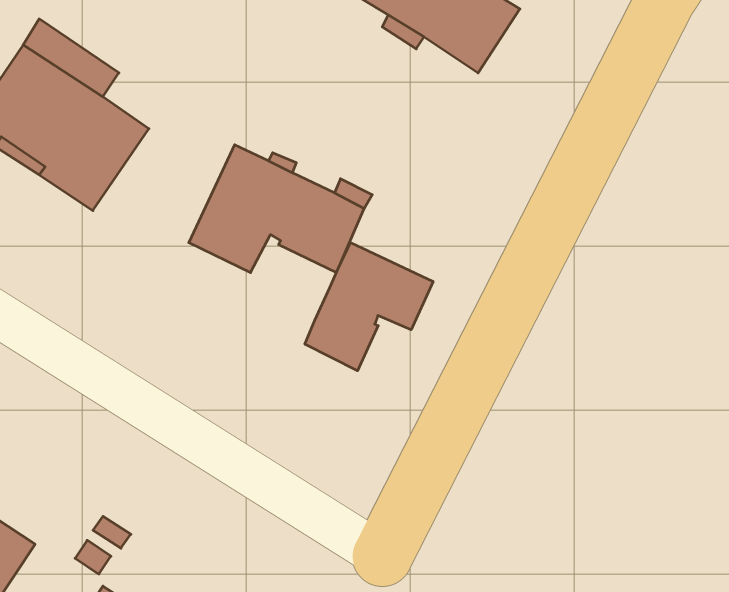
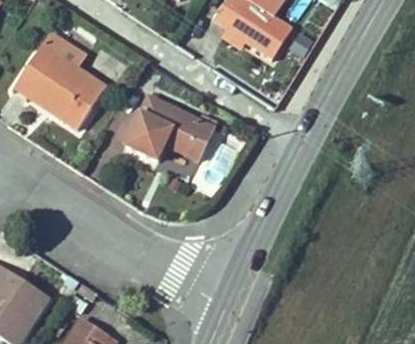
building: [305,242,433,371] -> none

